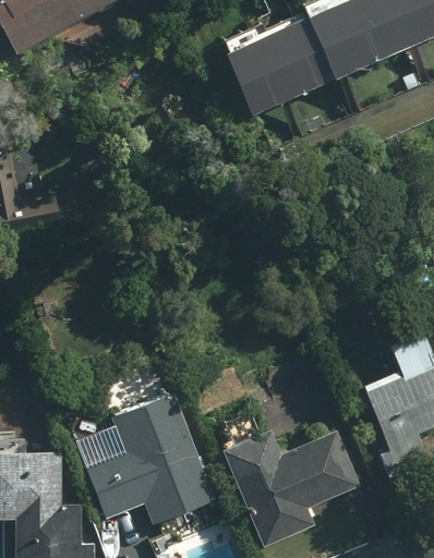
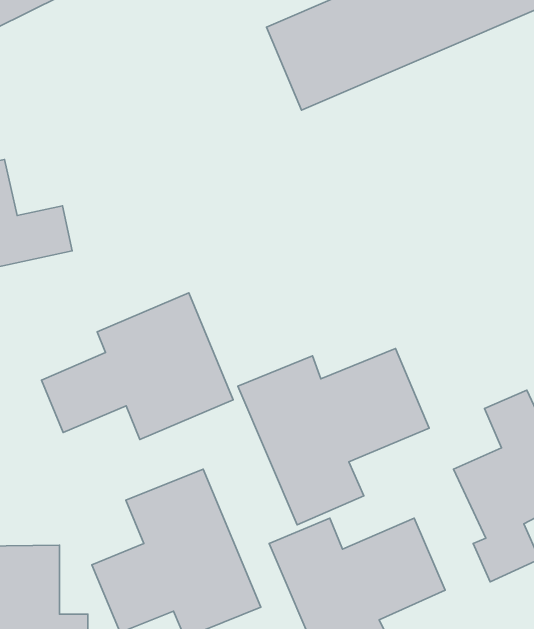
building: none -> [41,293,233,440]
building: none -> [238,348,429,525]

